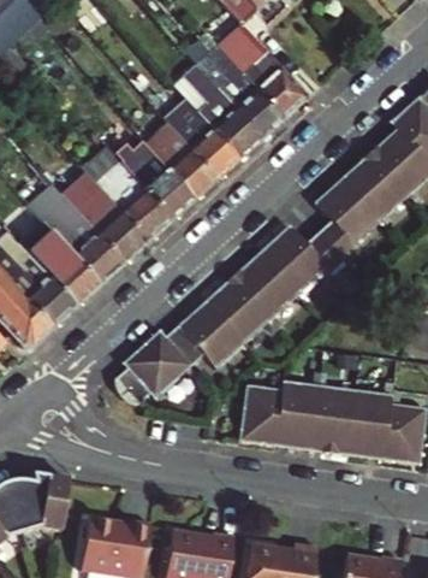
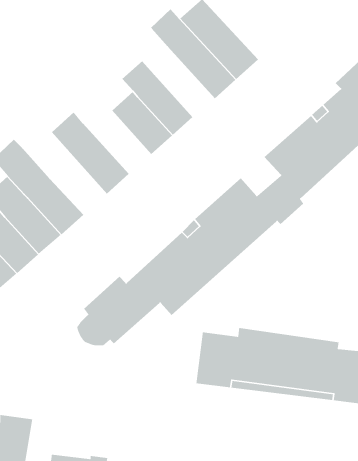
building: [173,65,262,159] -> none
building: [118,141,195,219] -> none
building: [59,169,148,263] -> none

